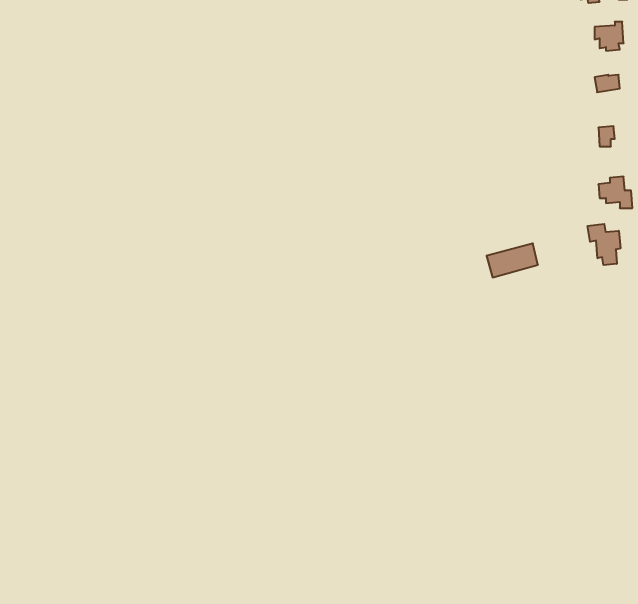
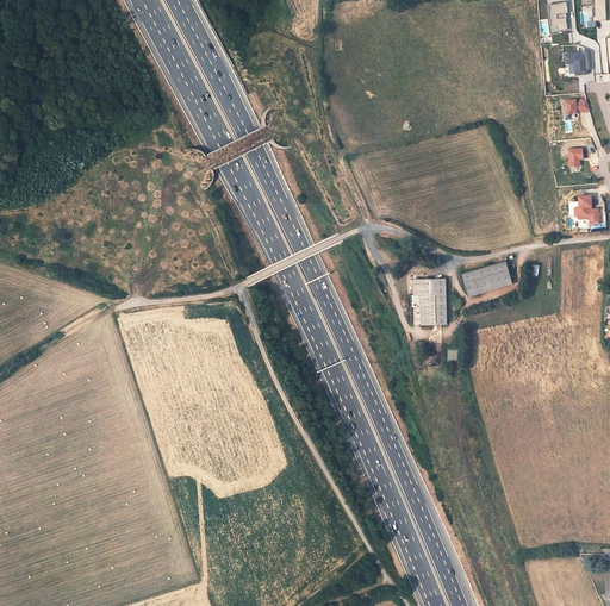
building: [588,224,620,265] -> none
building: none -> [417,280,443,326]

